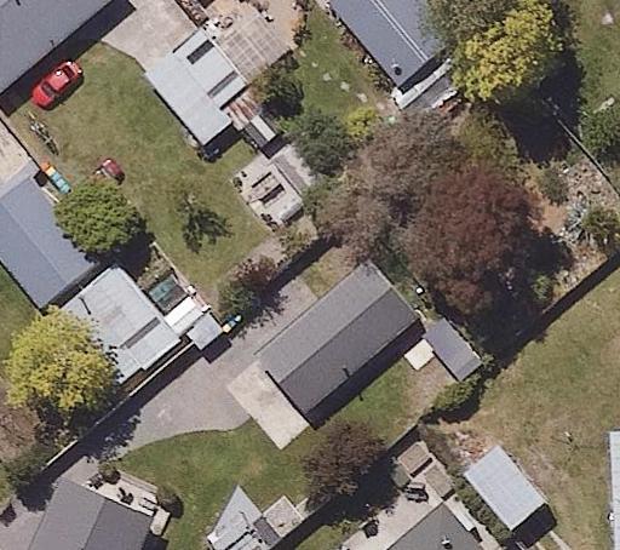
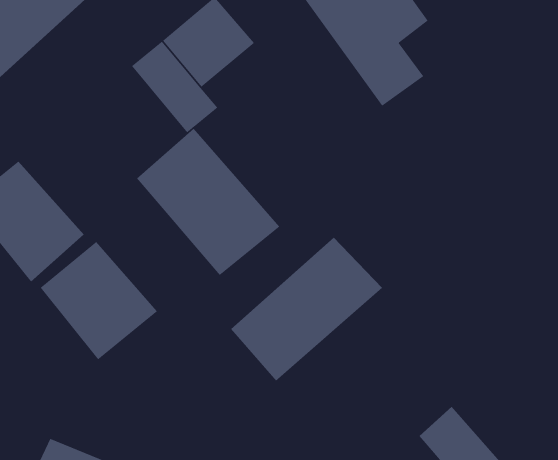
building: none -> [136,128,280,276]

